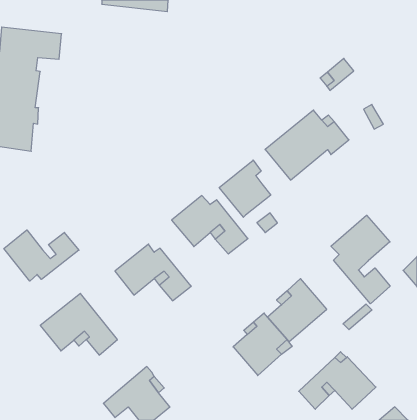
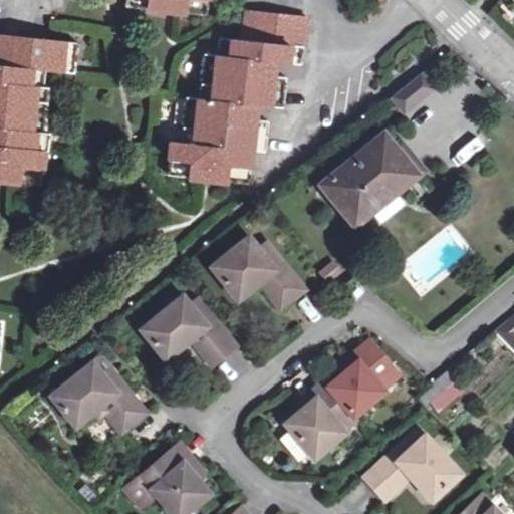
building: none -> [167,10,305,184]
building: [219,160,271,217] -> none
building: [331,215,390,304] -> none
building: [4,230,79,281] -> none

